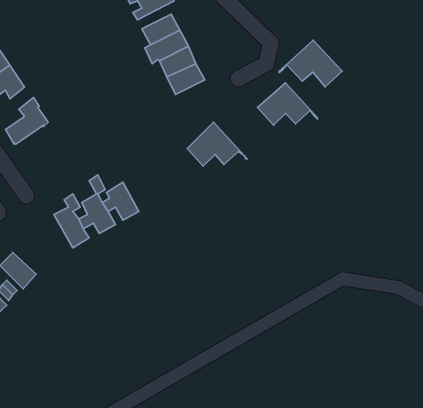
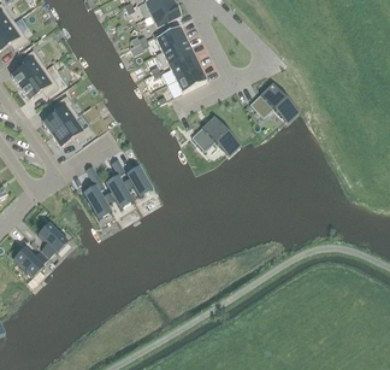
building: [279,40,342,87] -> none
building: none -> [51,117,91,146]

